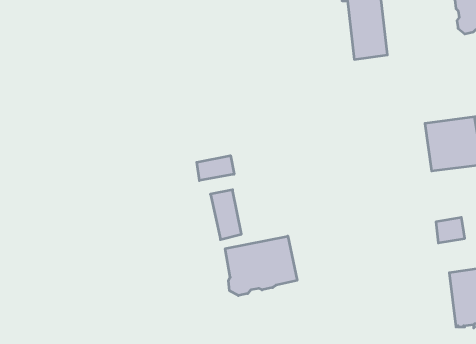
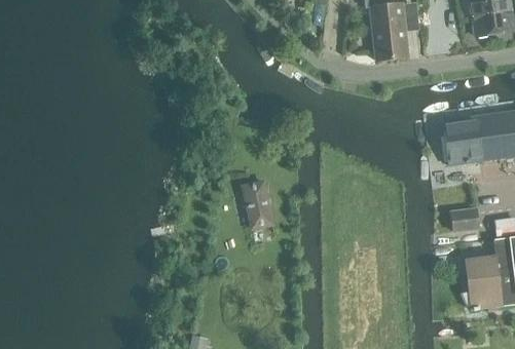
building: [197,156,234,181] -> none
building: [225,236,297,296] -> none

